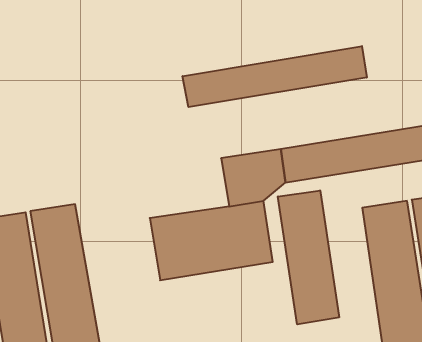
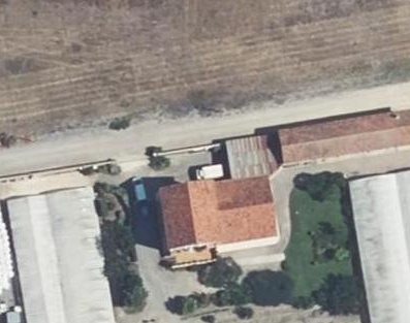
building: [183,46,367,107] -> none
building: [278,190,339,324] -> none

